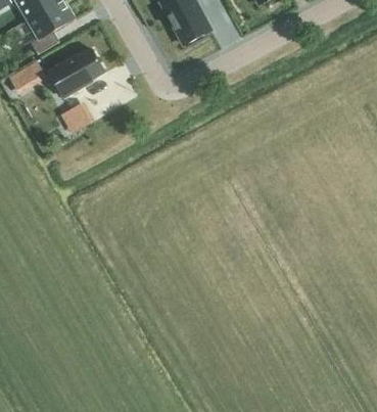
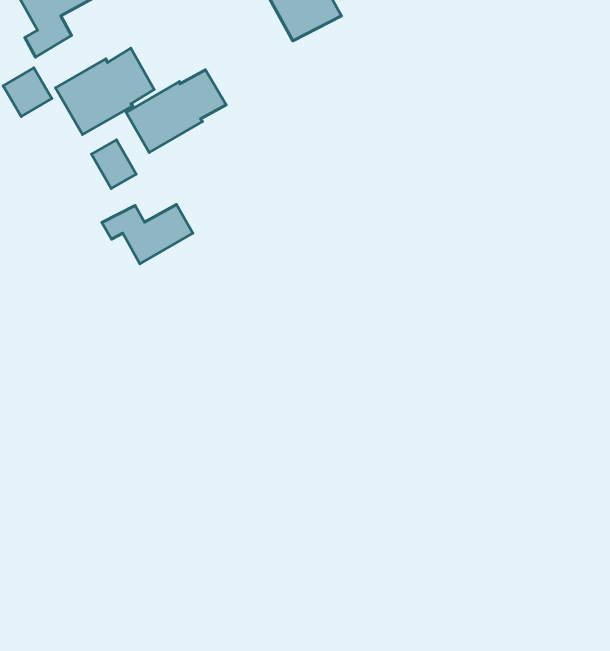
building: none -> [126,70,226,152]
building: none -> [102,205,193,264]

